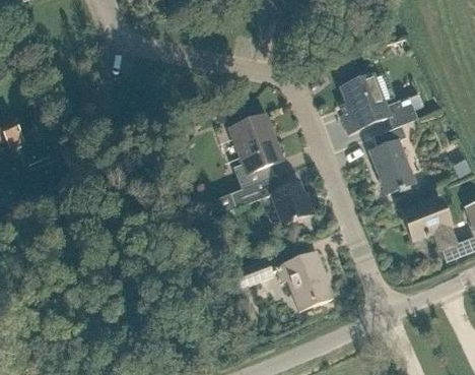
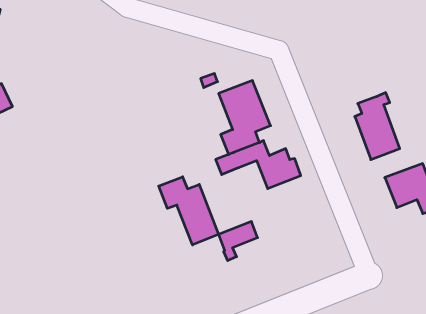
building: [340,74,417,131] -> none
building: none -> [159,177,219,245]
building: [274,251,330,309] -> none

